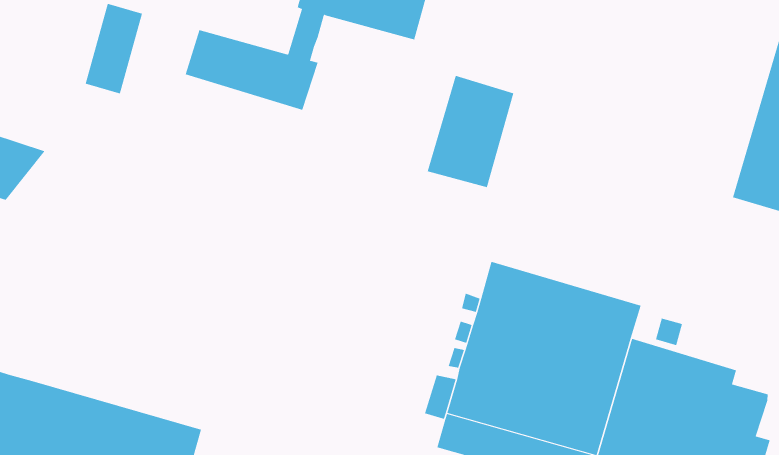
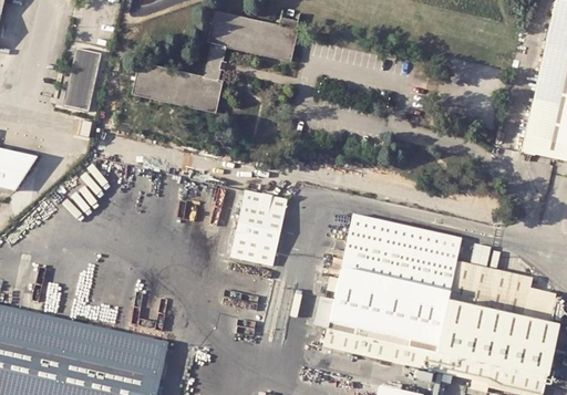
building: [427,75,514,188] -> [231,188,289,266]

